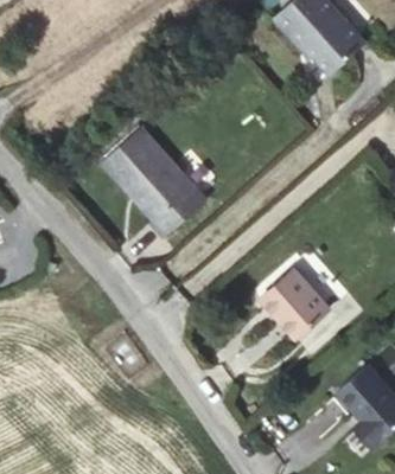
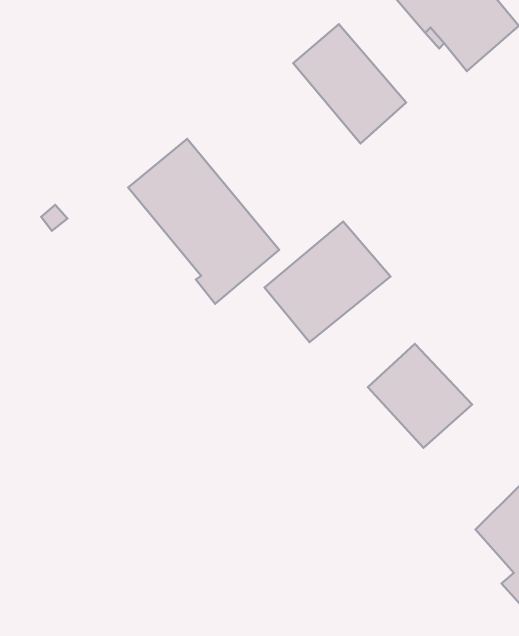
building: none -> [293,24,406,143]
building: none -> [264,222,390,342]

